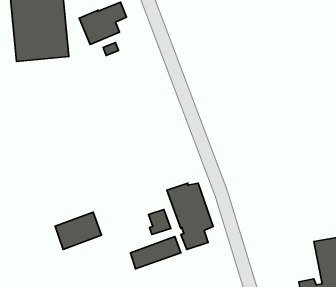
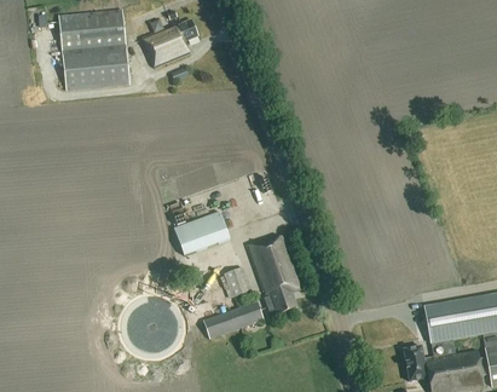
building: [55,212,101,249] -> [174,211,230,255]

